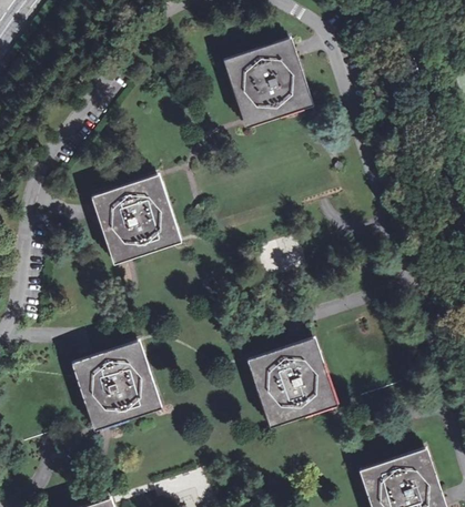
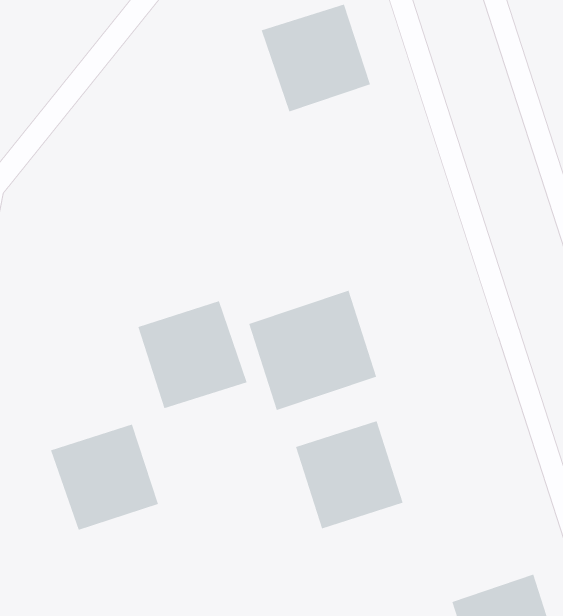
building: [98,178,176,255] -> [137,301,247,409]
building: none -> [249,290,377,411]

